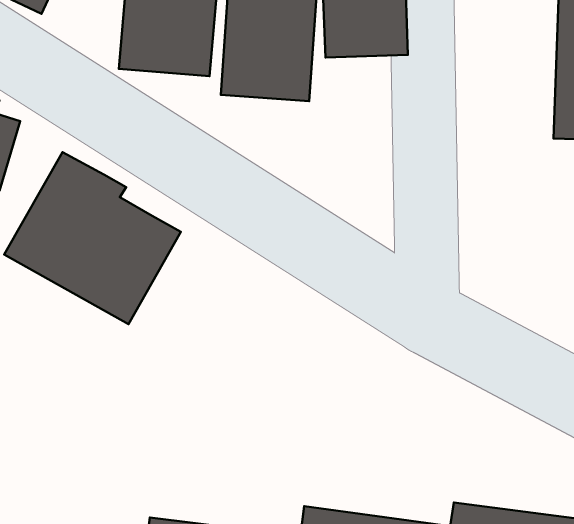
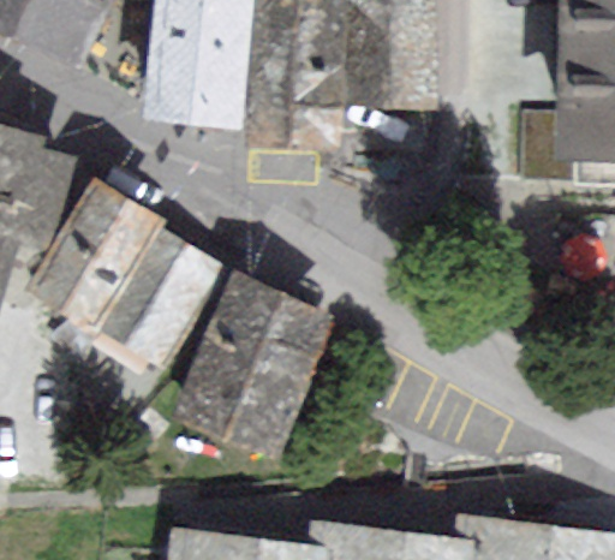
building: none -> [177,276,317,442]

